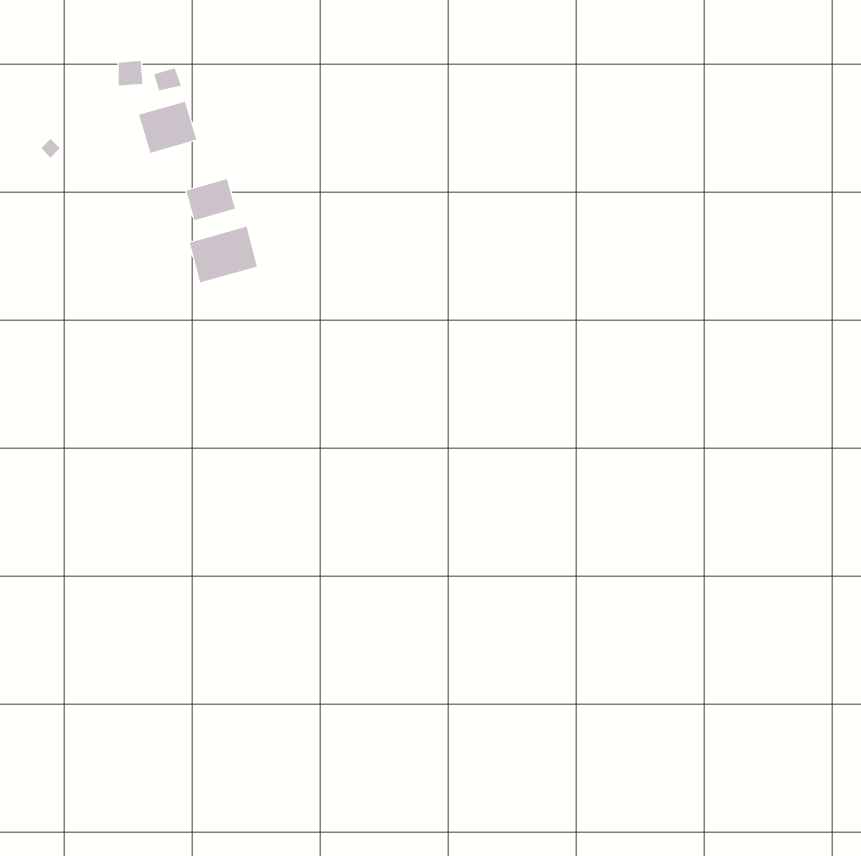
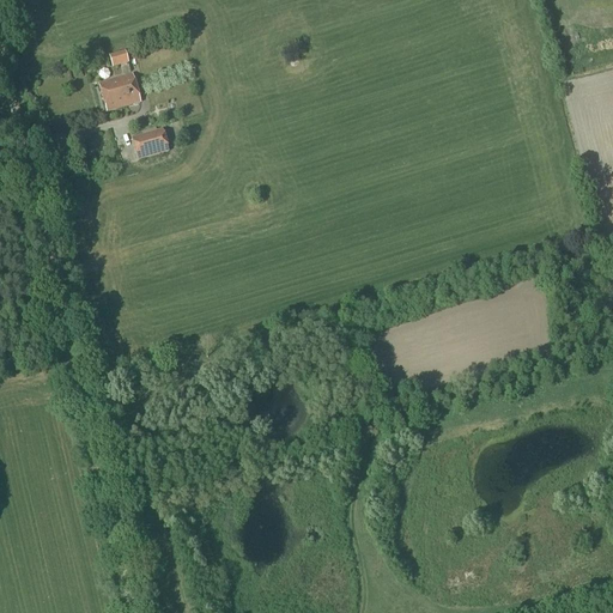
building: [189,226,257,283] -> none

